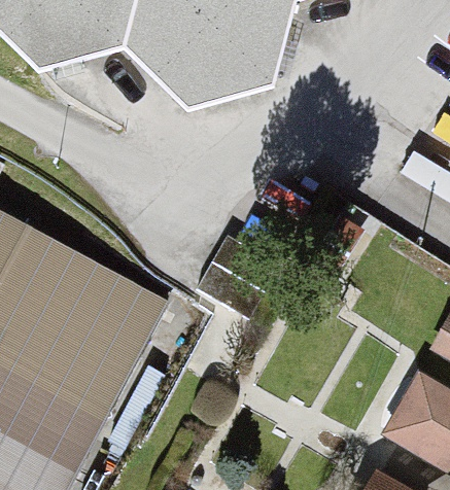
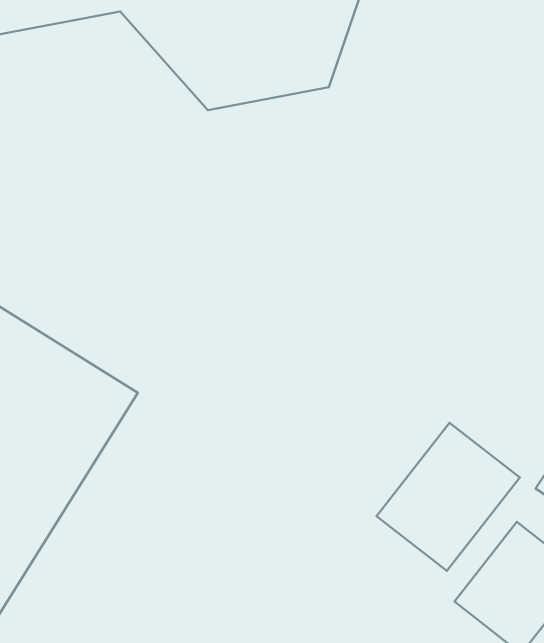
building: none -> [376,423,520,571]

